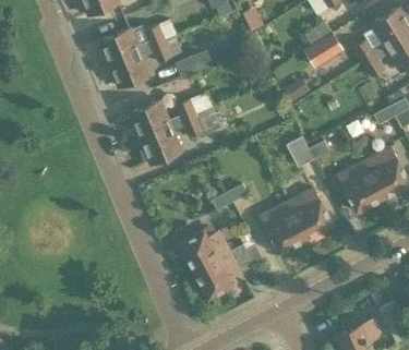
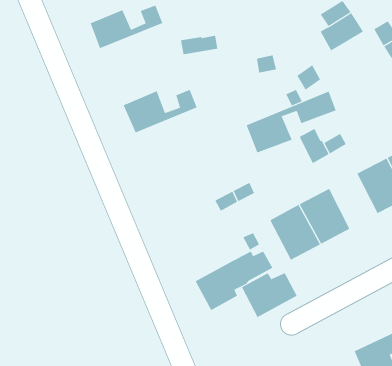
building: [109,38,183,88] -> none
building: [141,110,221,166] -> [246,91,336,153]
building: [180,232,230,273] -> [241,273,297,318]

